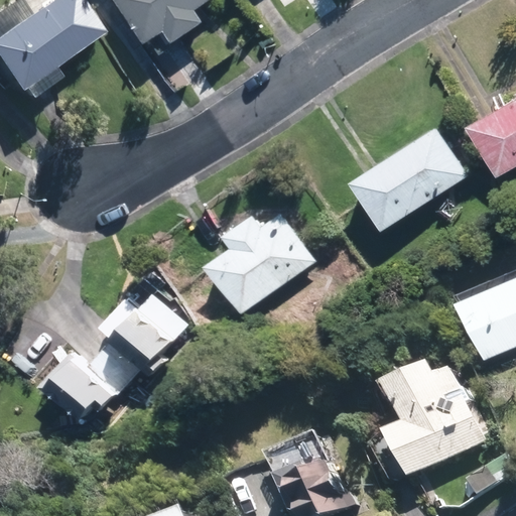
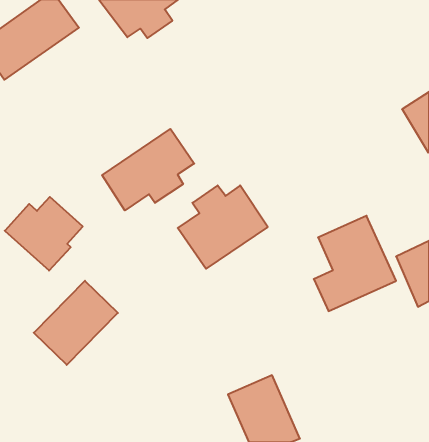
building: [353,129,468,232] -> none
building: none -> [102,129,194,210]
building: [99,287,189,373] -> [5,197,83,271]
building: [390,368,486,479] -> [314,216,396,311]

